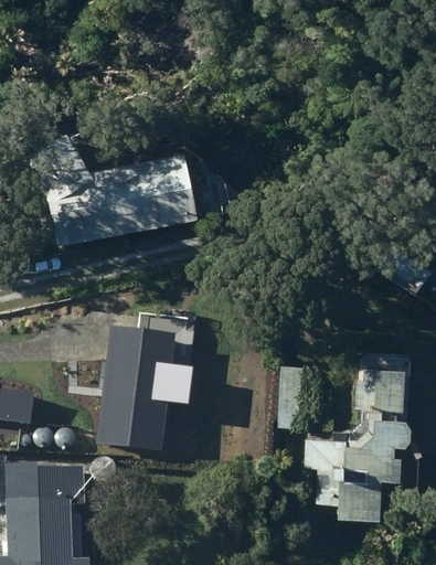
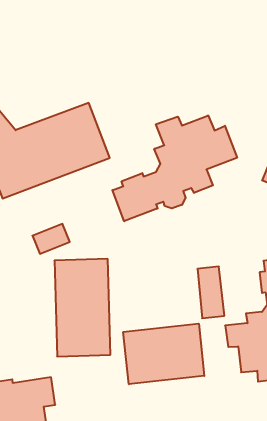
building: none -> [112,115,237,221]
building: none -> [123,324,204,384]

